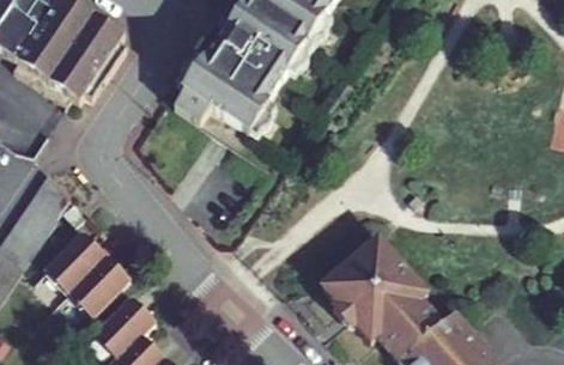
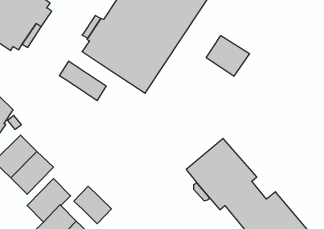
building: none -> [206,36,249,76]
building: none -> [59,61,106,101]
building: none -> [74,186,111,224]

